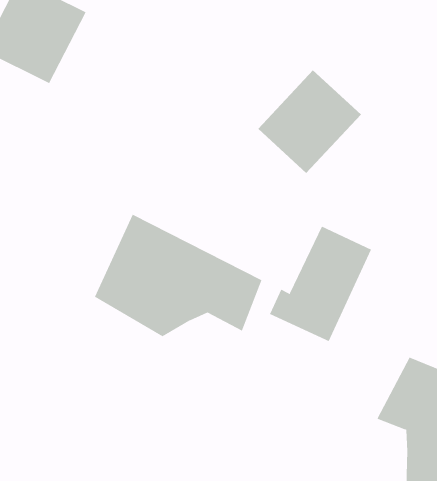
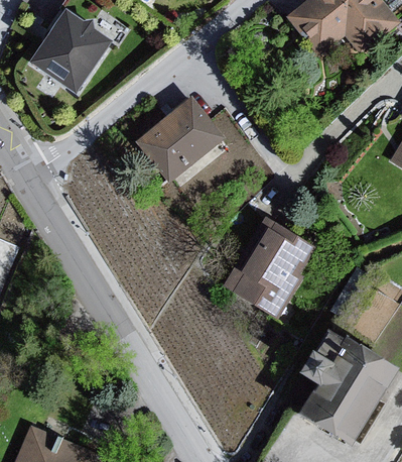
building: [257,70,362,174] -> [142,95,223,174]
building: [94,214,262,337] -> none

